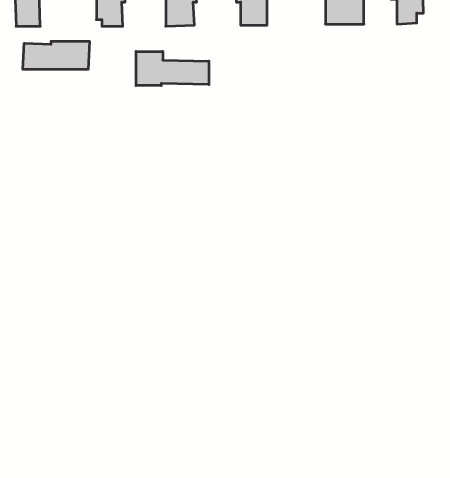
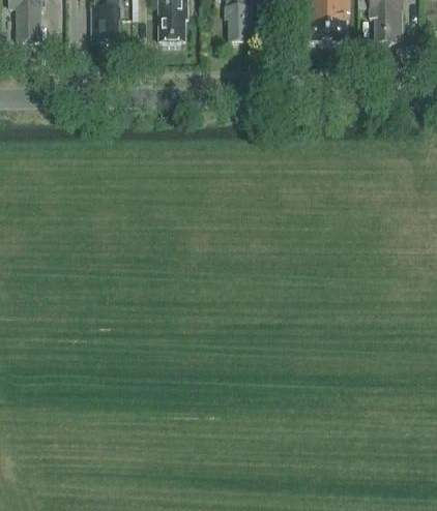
building: [23,41,89,69] -> none
building: [136,51,209,86] -> none

